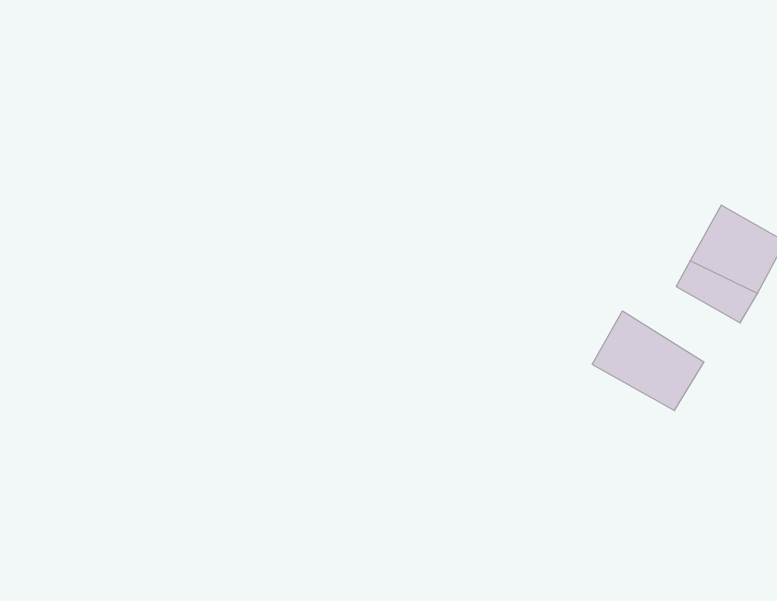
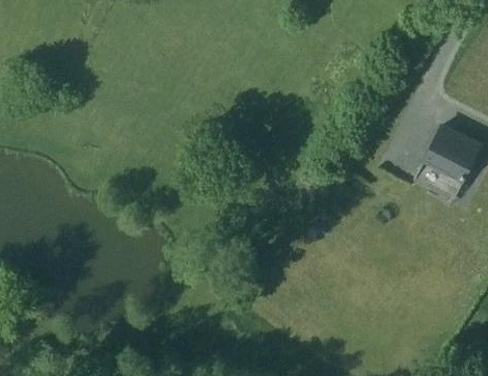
building: [592,311,704,411] -> none

